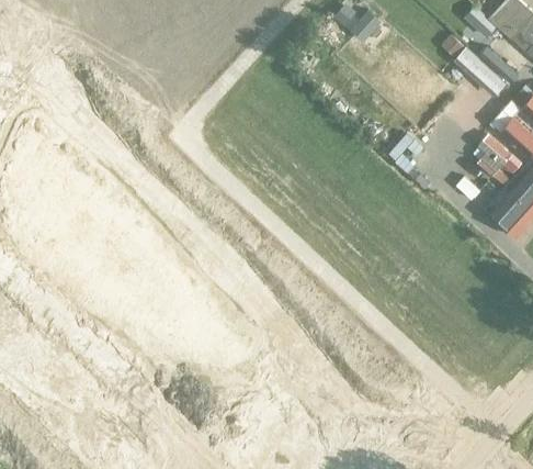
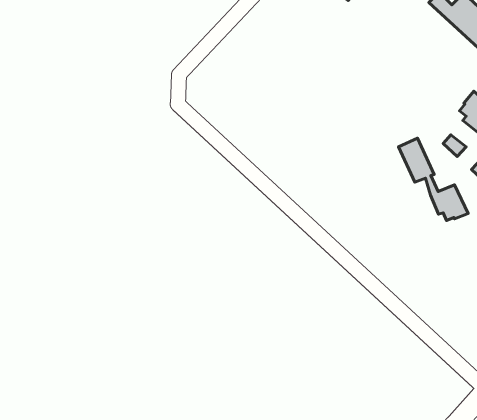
building: none -> [398,138,468,220]

